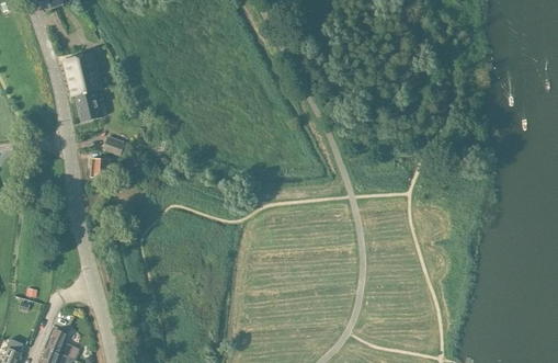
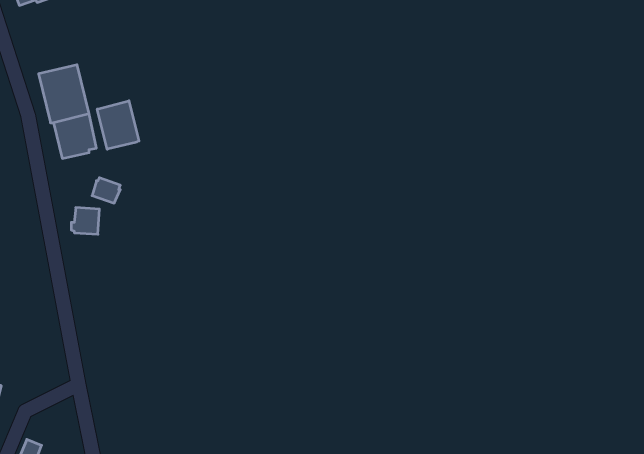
building: none -> [97,101,139,149]

